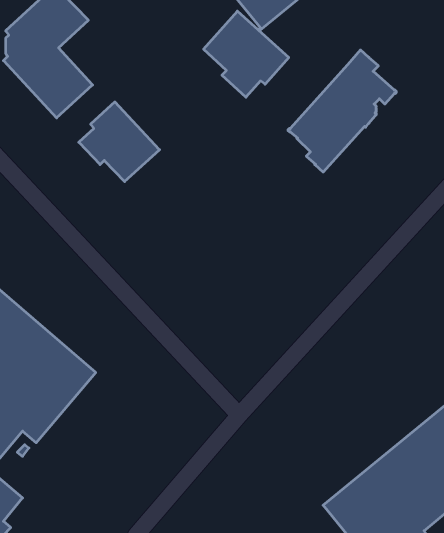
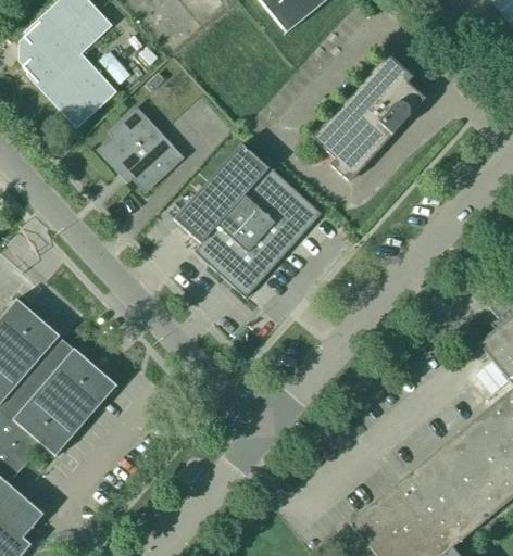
building: [204,11,289,97] -> none
building: none -> [173,142,322,296]

